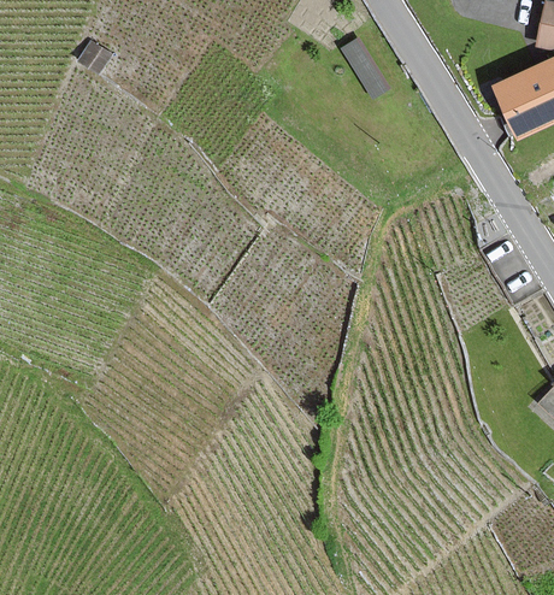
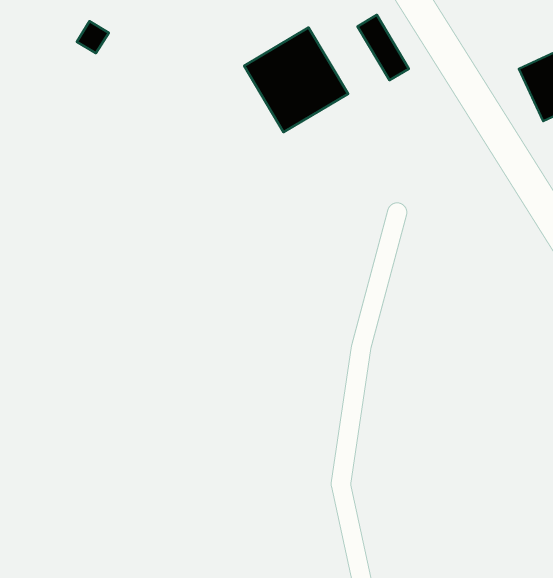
building: none -> [244,28,348,132]

